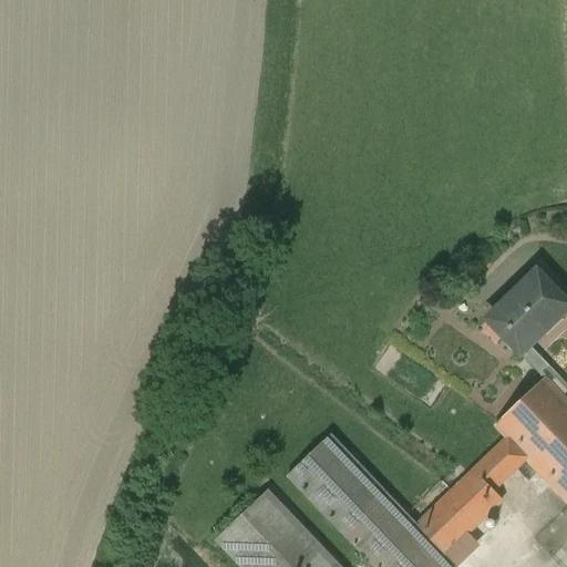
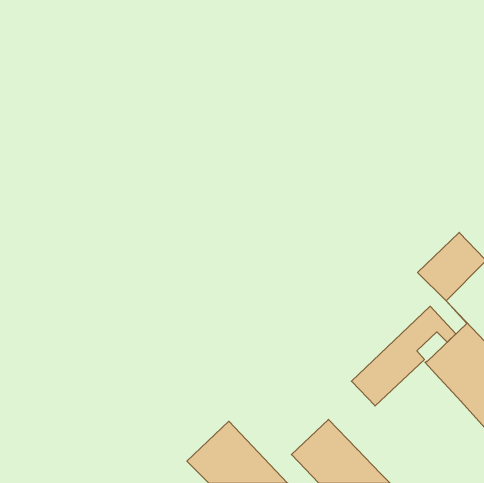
building: [288,433,384,530] -> none
building: [417,436,539,553] -> [351,306,456,406]

